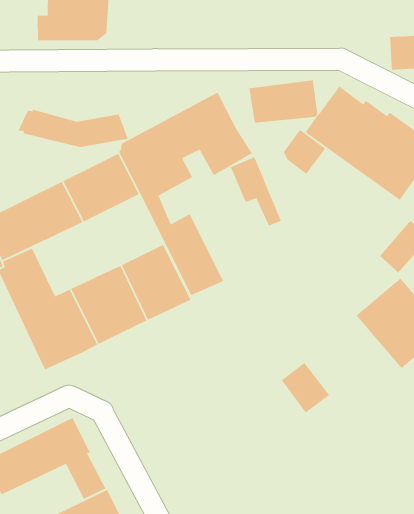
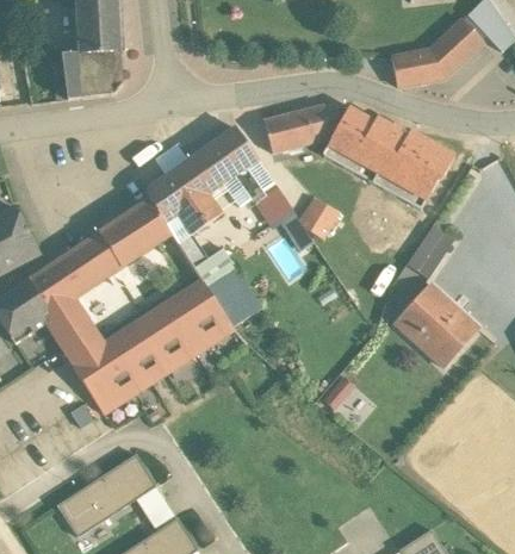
building: [17,108,129,148] -> none
building: [283,129,326,175] -> [299,195,340,238]

